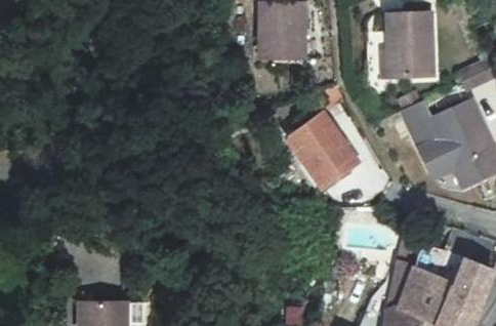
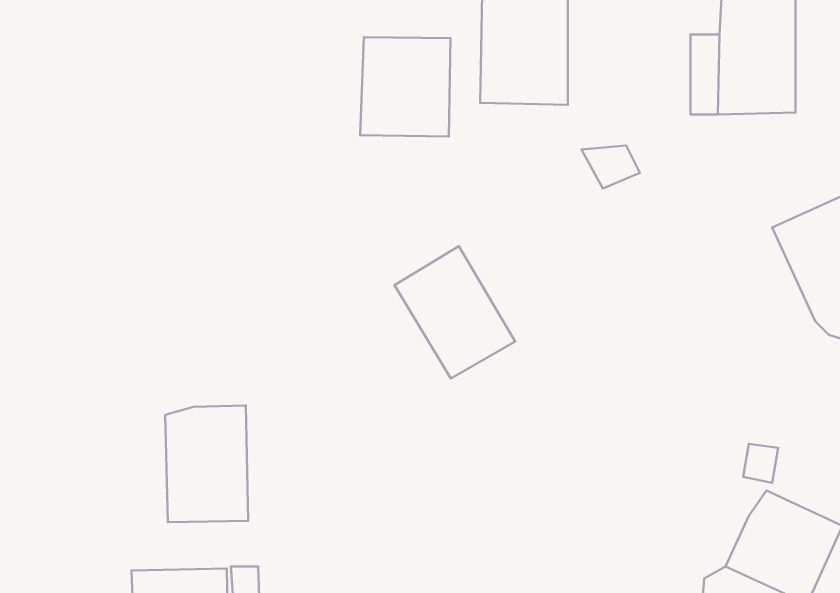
building: none -> [360,37,451,137]
building: [289,112,353,181] -> [394,246,515,379]
building: none -> [165,405,248,522]

